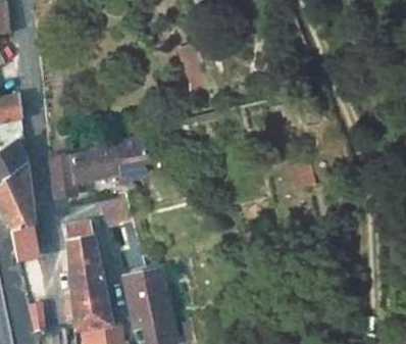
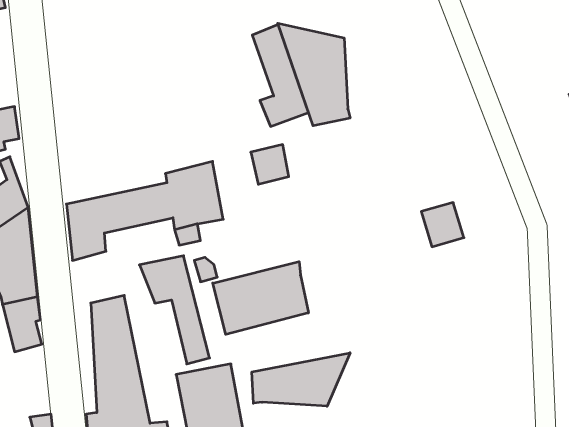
building: none -> [278,23,350,126]
building: none -> [213,262,308,334]
building: none -> [252,353,350,406]

